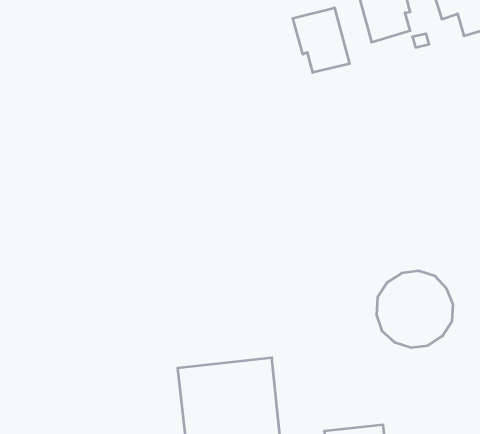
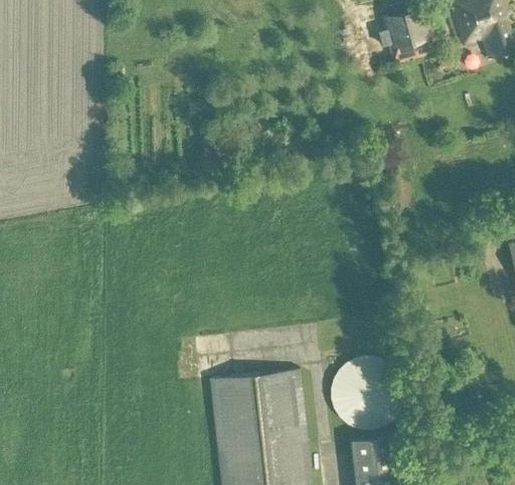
building: [293,8,350,73] -> none
building: [377,271,453,348] -> [328,357,401,431]

